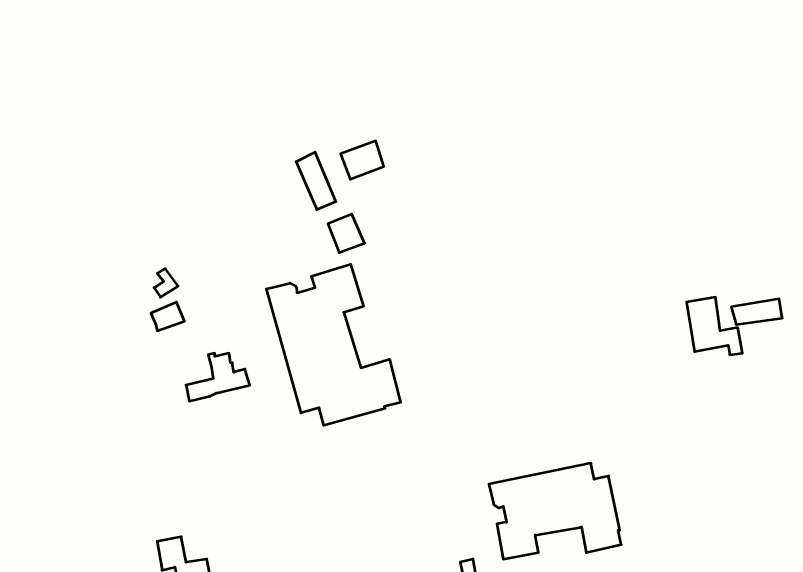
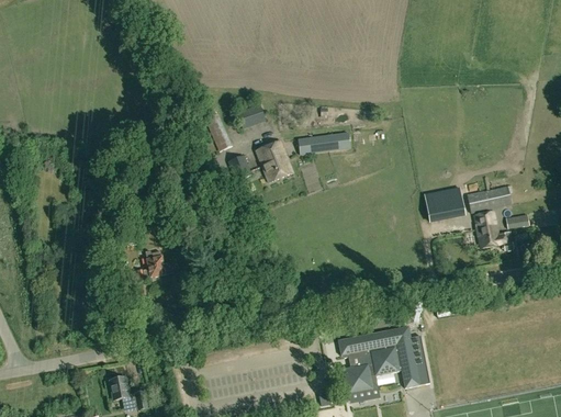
building: none -> [301,132,349,156]
building: none -> [255,140,292,182]
building: none -> [424,185,510,222]
building: [266,264,401,425] -> none

